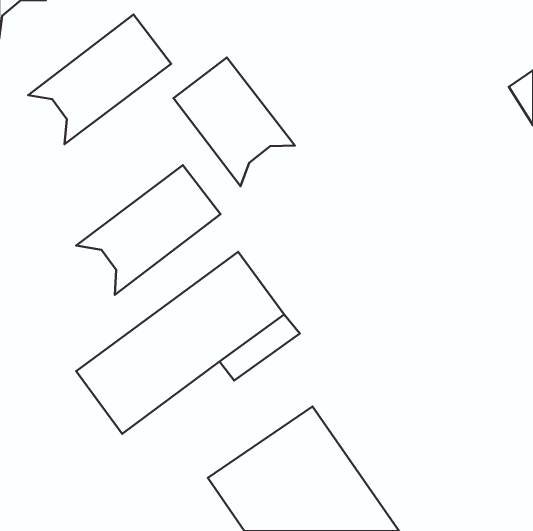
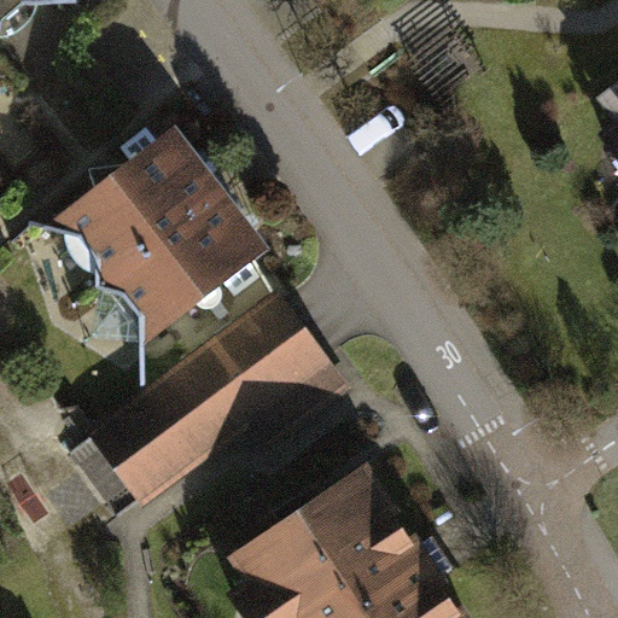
building: [28,15,171,144] -> [46,134,211,284]
building: [174,58,295,186] -> none

